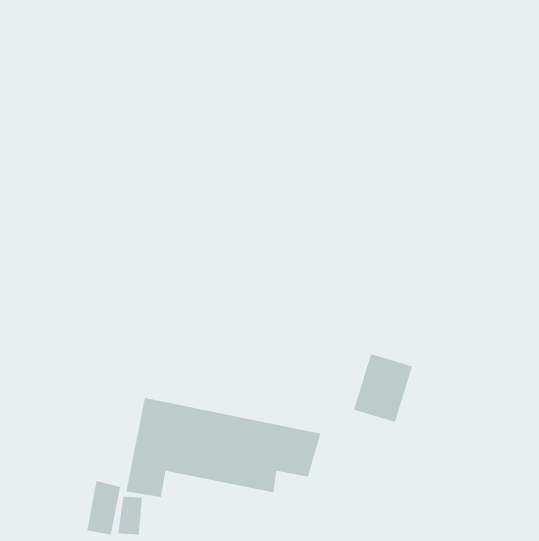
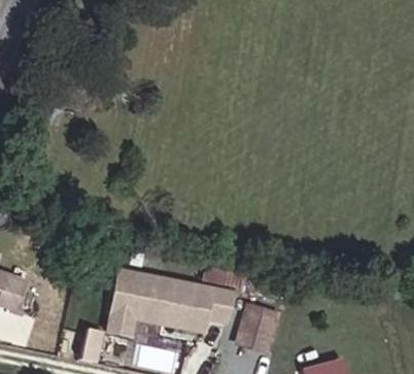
building: [353,354,413,422] -> [237,304,276,349]

